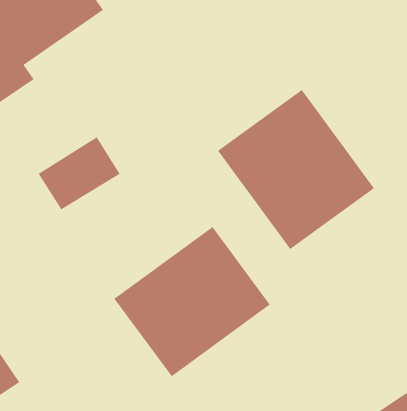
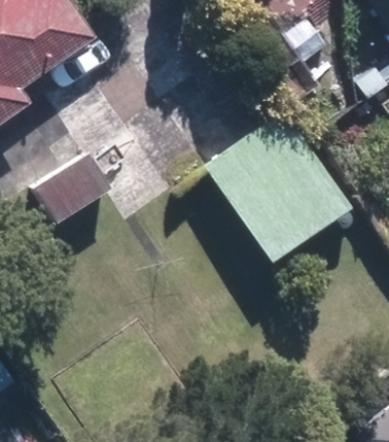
building: [113,226,271,377] -> none

